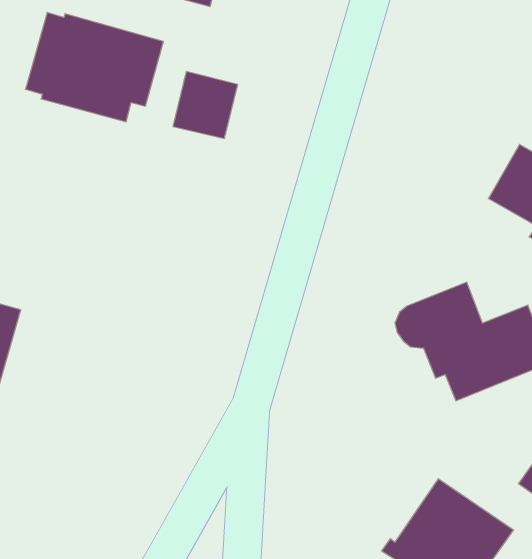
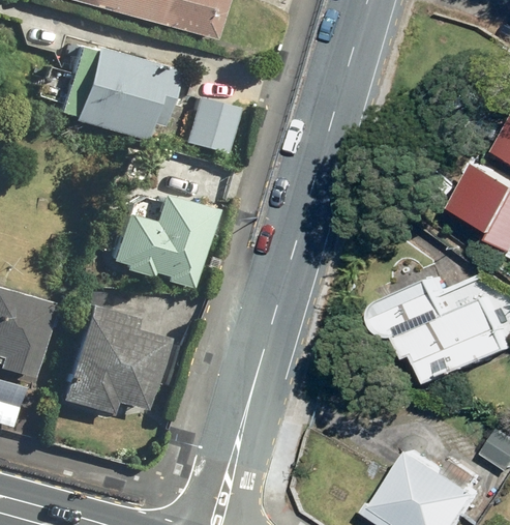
building: none -> [113,193,215,287]
building: none -> [57,300,164,413]

